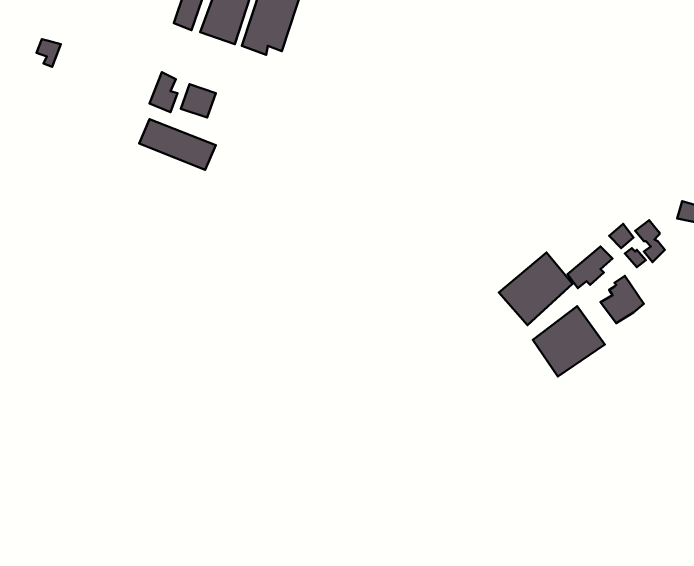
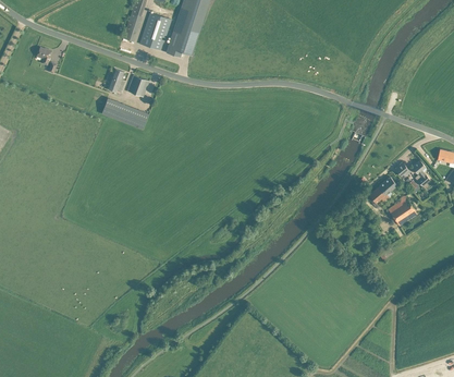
building: [499,252,573,325] -> none
building: [533,306,605,377] -> none

